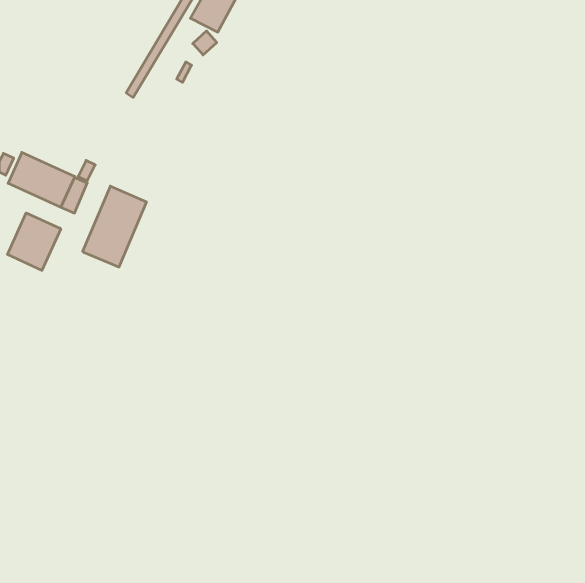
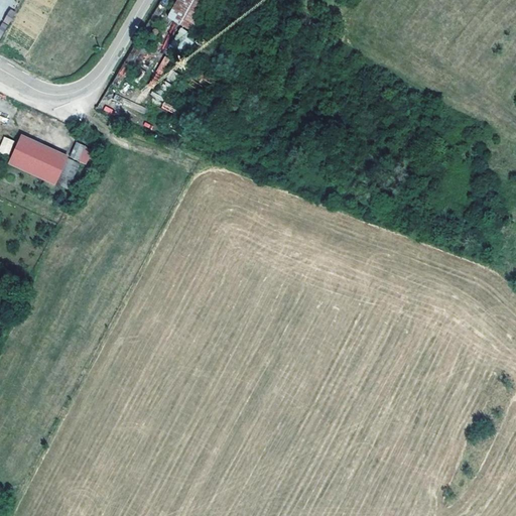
building: [83,186,146,267] -> none
building: [7,213,61,270] -> none

